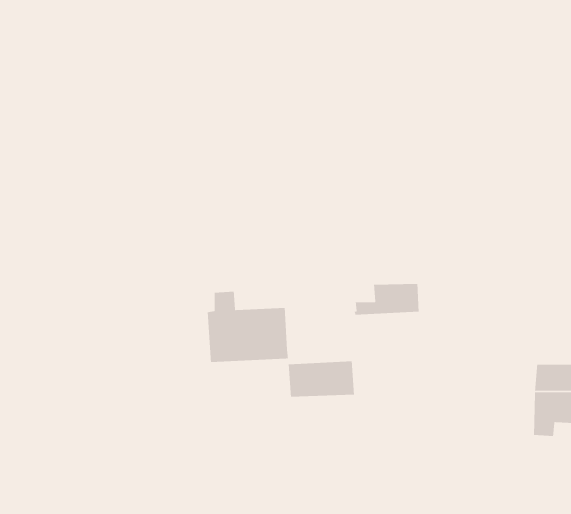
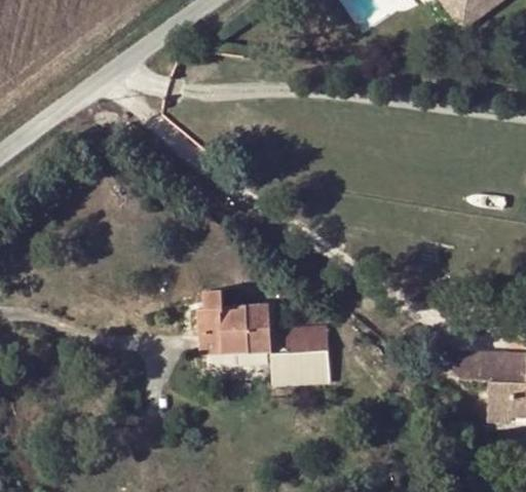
building: [354,283,419,315] -> [269,326,328,354]
building: none -> [451,349,491,381]

